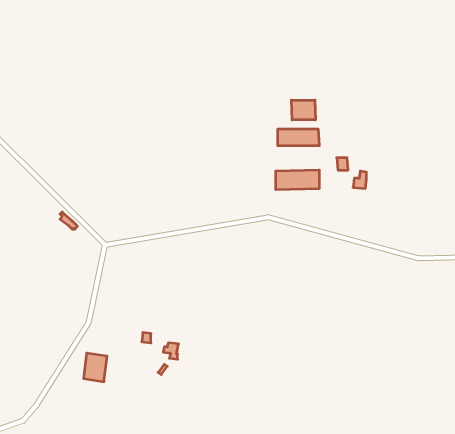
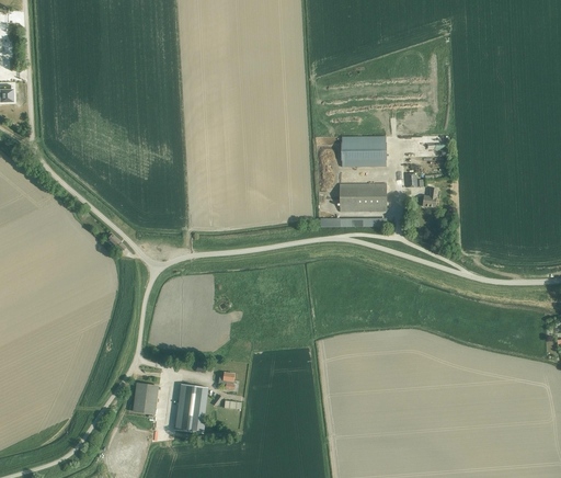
building: [291,100,315,120] -> none
building: none -> [173,383,207,432]

